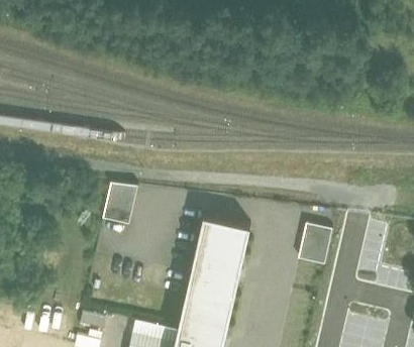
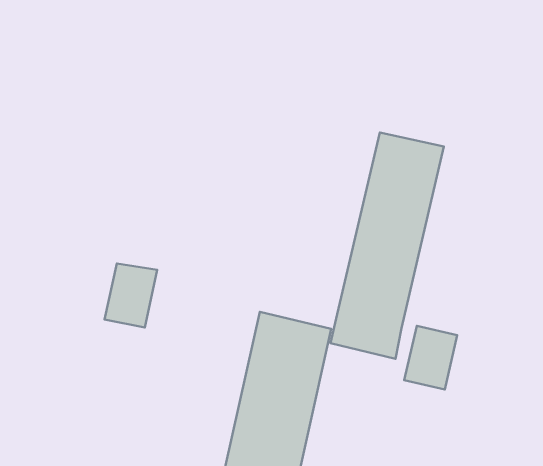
building: none -> [331,133,444,359]

